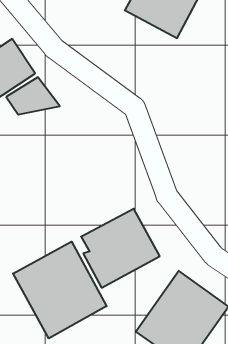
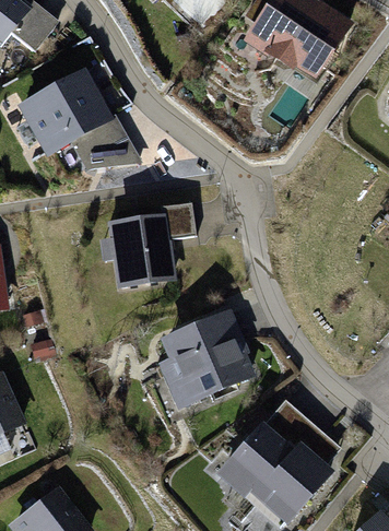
building: none -> [104,211,182,292]
building: [13,242,107,338] -> none

